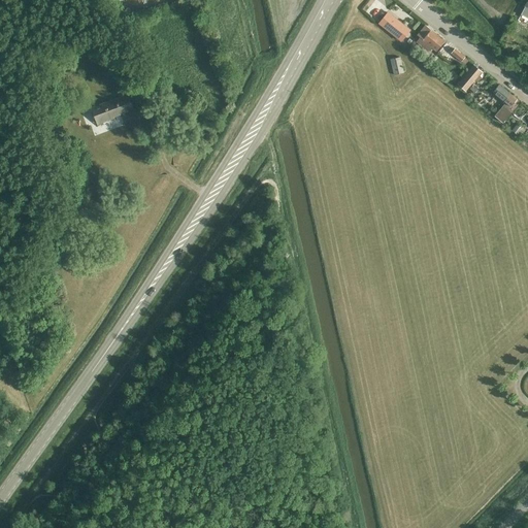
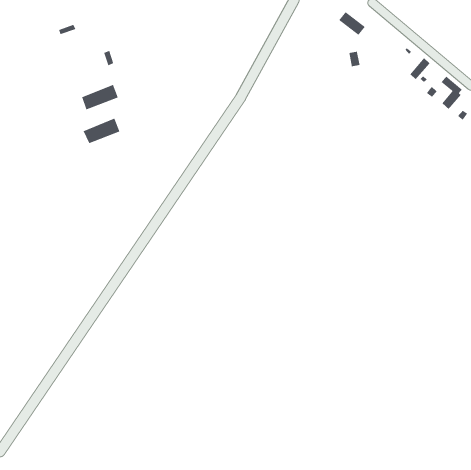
building: [416,26,444,53] -> none
building: none -> [83,118,120,144]

